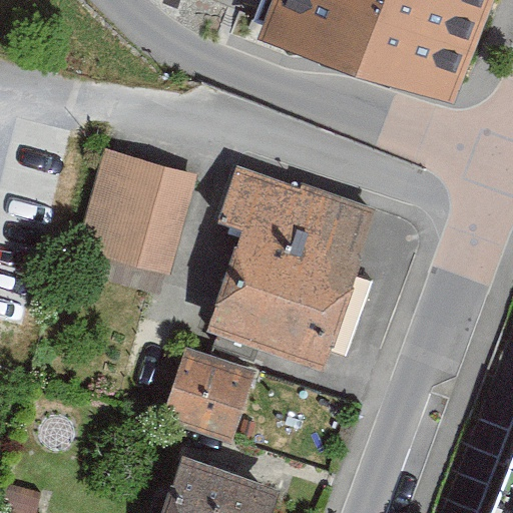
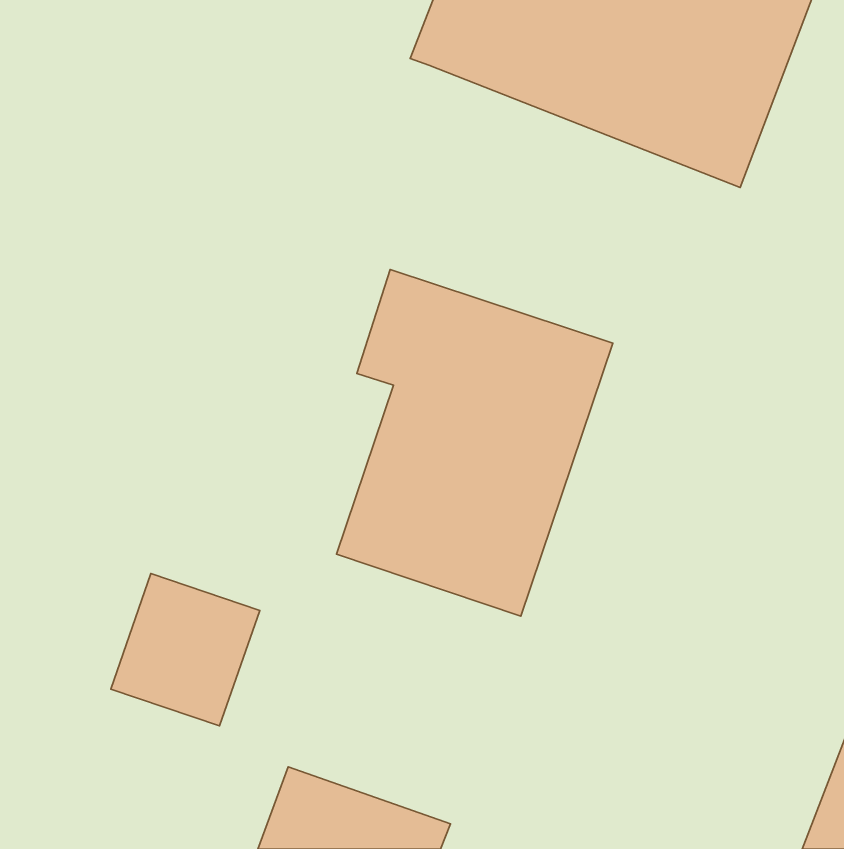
building: [81,152,194,271] -> none
building: [163,351,252,442] -> [111,574,260,726]

